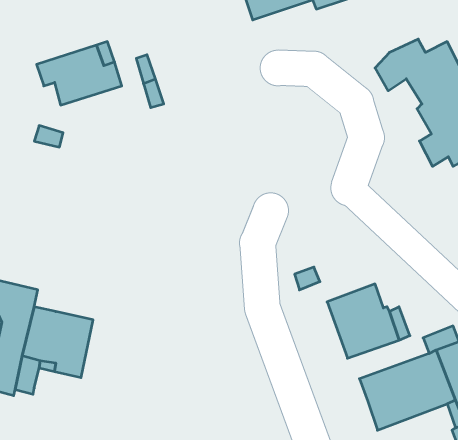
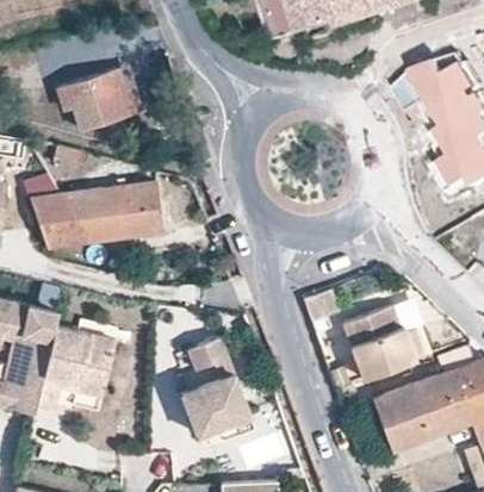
building: none -> [30,183,162,251]
building: none -> [175,336,244,435]

